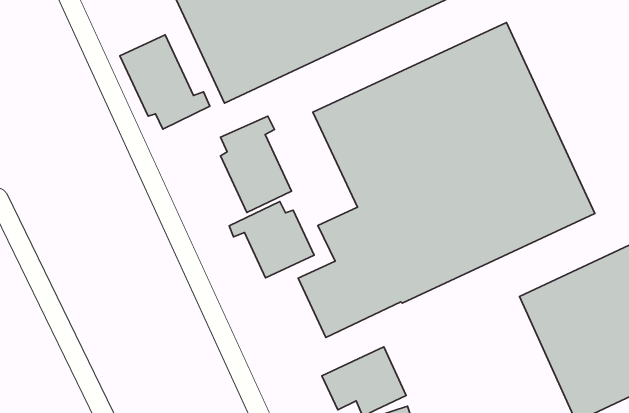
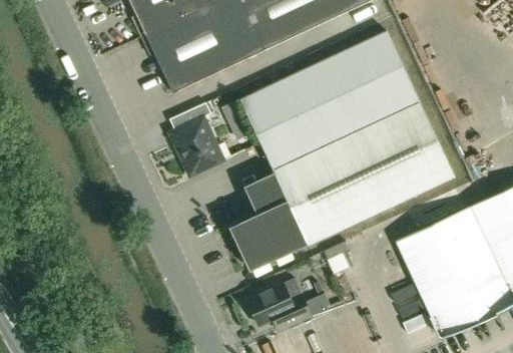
building: [120,35,210,129] -> none
building: [229,202,314,278] -> none

